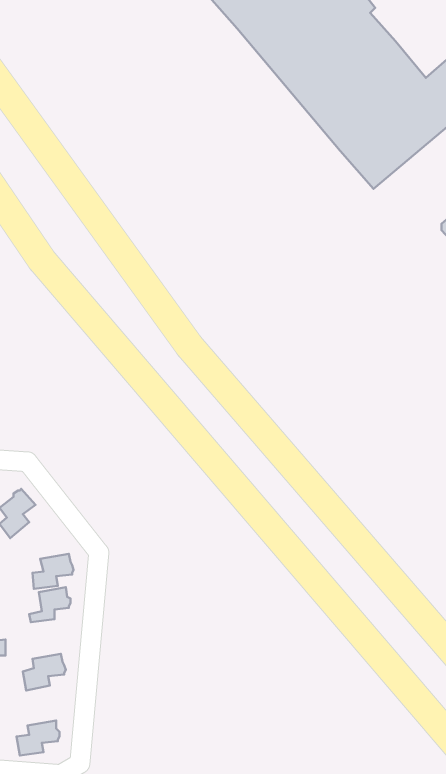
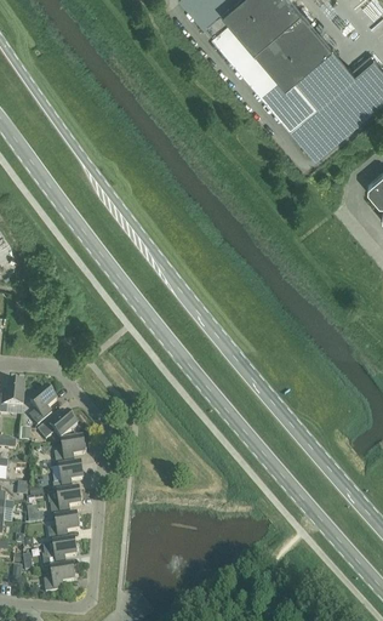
building: none -> [38,415,78,440]
building: none -> [48,490,81,517]
building: none -> [45,541,78,568]

